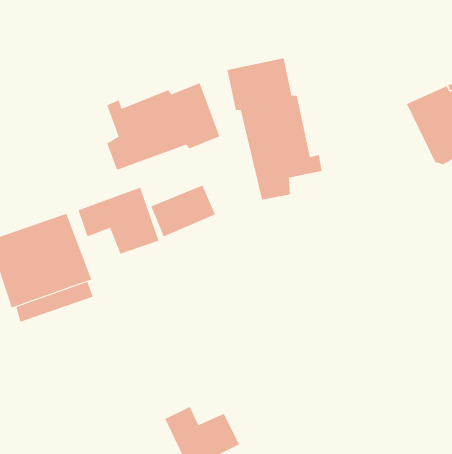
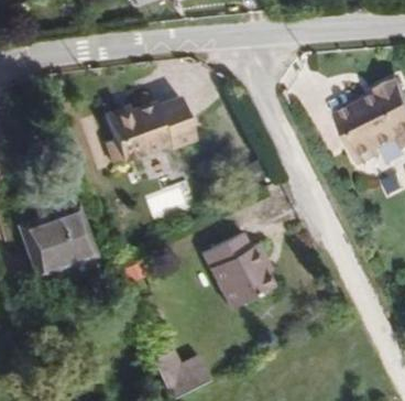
building: [227,58,322,201] -> none
building: [78,187,159,255] -> none
building: none -> [205,235,275,308]

